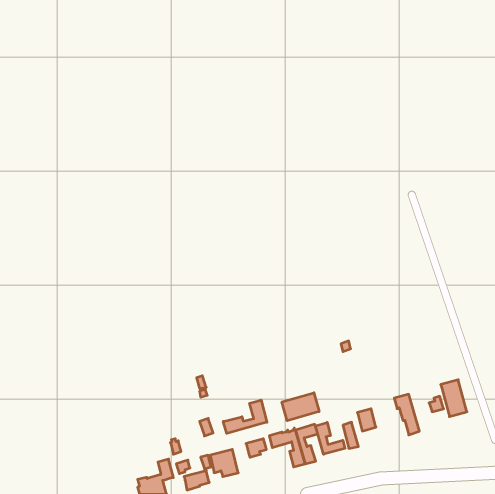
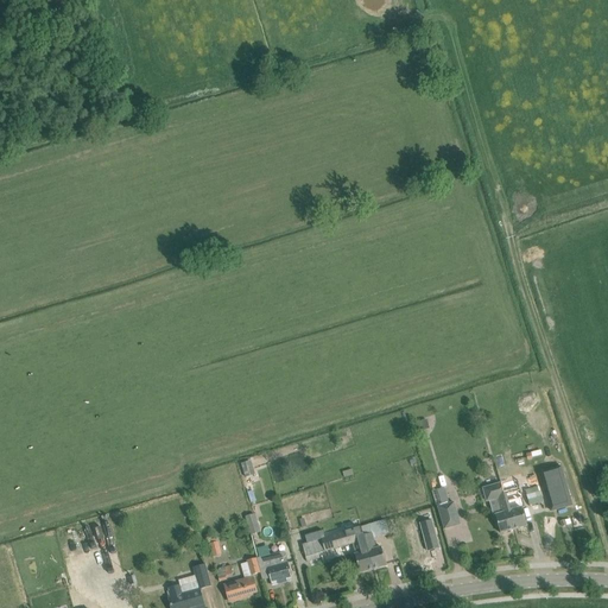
building: none -> [501,479,527,528]
building: [282,393,319,421] -> none
building: [223,400,267,433] -> none
building: [315,422,345,454] -> none

